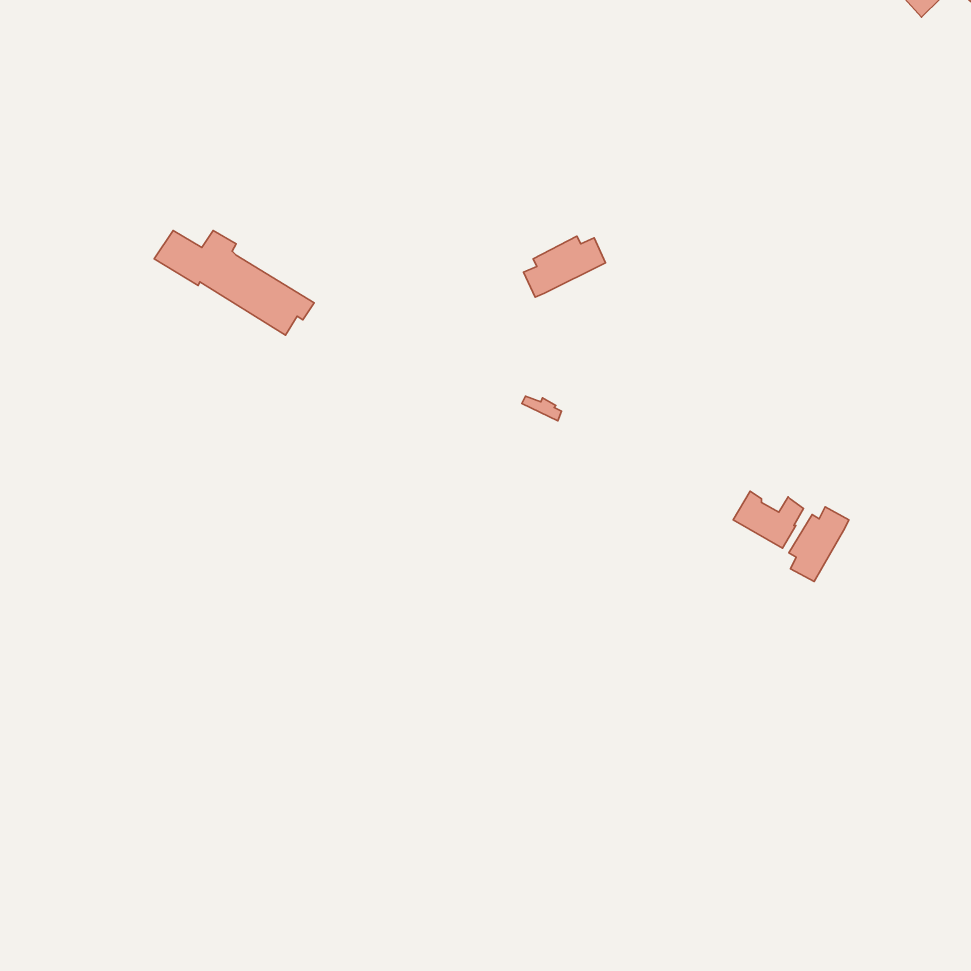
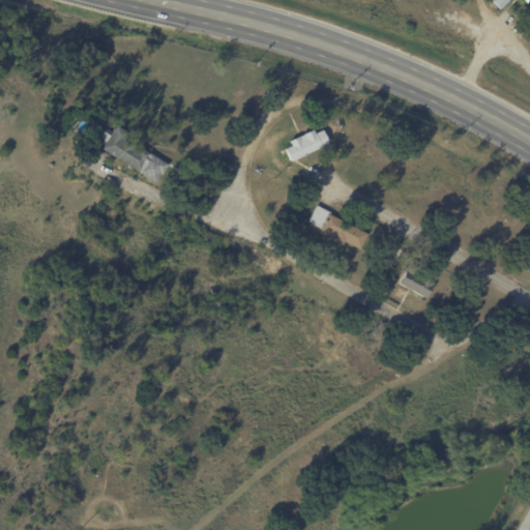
building: none -> [308,204,364,246]
building: [789,507,849,582] -> none

